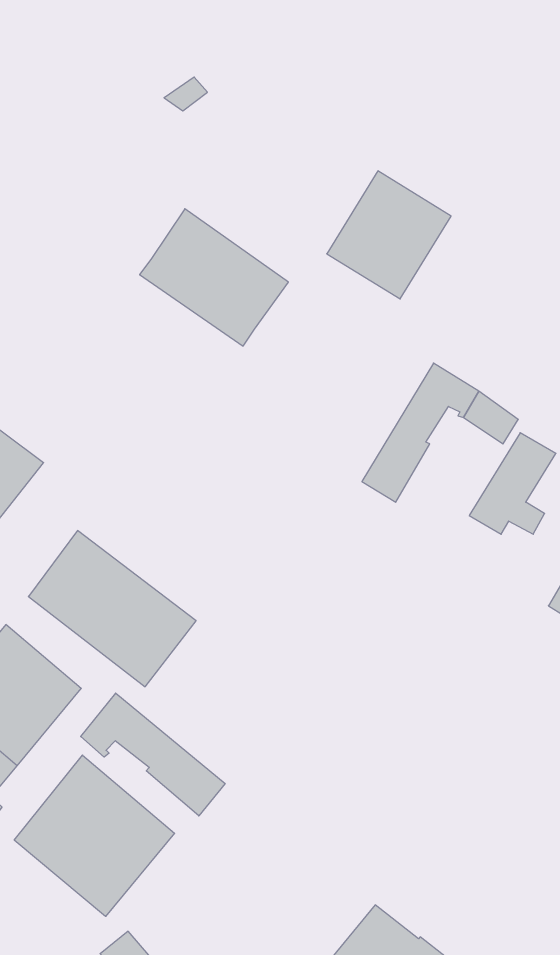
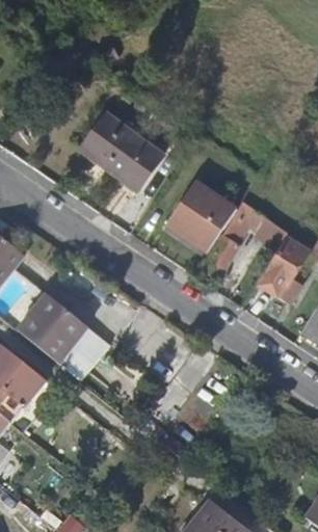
building: [327,171,451,299] -> [165,179,234,249]
building: [81,693,225,816] -> none
building: [14,755,175,916] -> none

